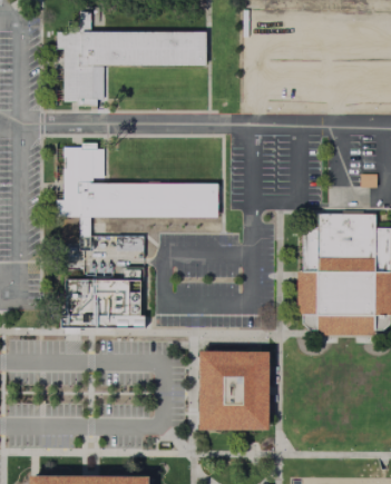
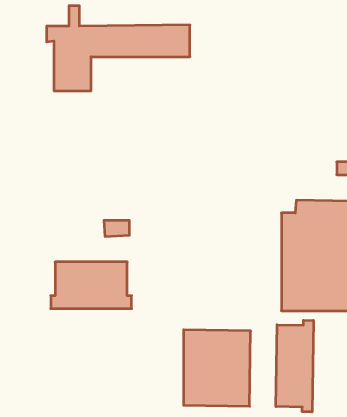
building: [57,146,218,236] -> none
building: none -> [276,320,313,412]

